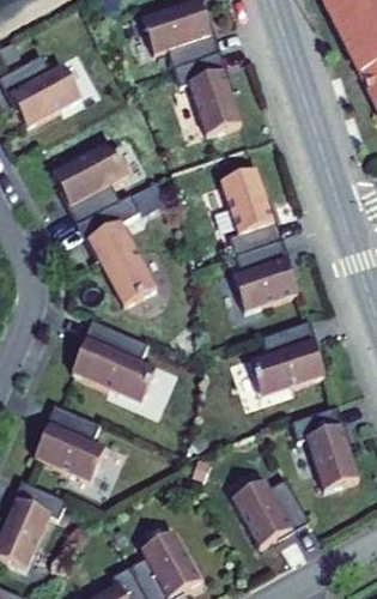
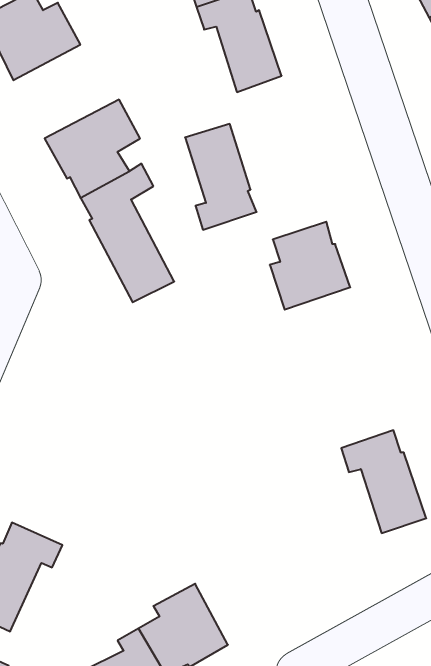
building: [220,169,278,254] -> [185,124,257,230]
building: [72,321,156,401] -> none
building: [248,322,323,397] -> none
building: [34,405,104,480] -> none
building: [231,478,306,546] -> none

